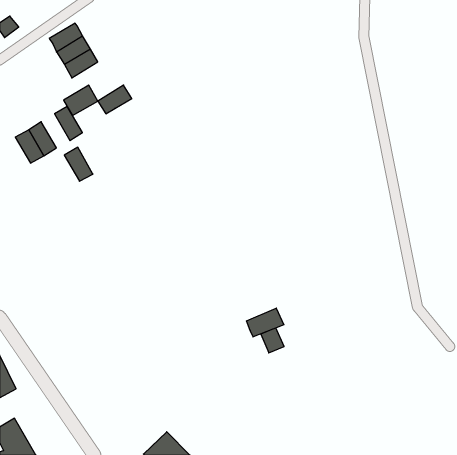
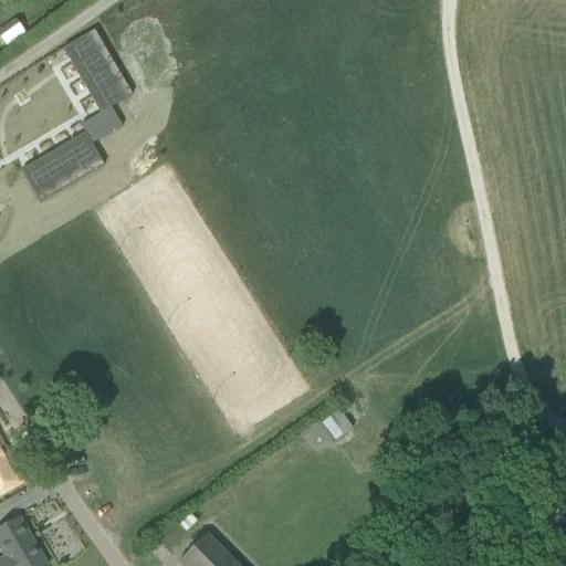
building: [98,85,132,114] -> [88,76,130,112]
building: [64,147,93,181] -> [51,140,86,182]
building: [246,308,284,337] -> none

